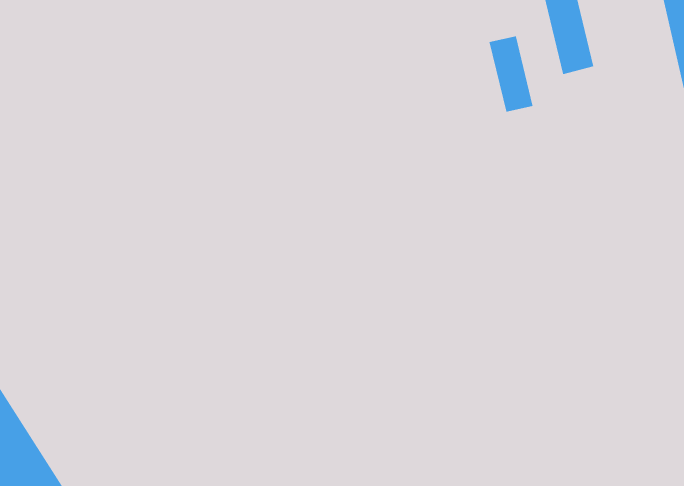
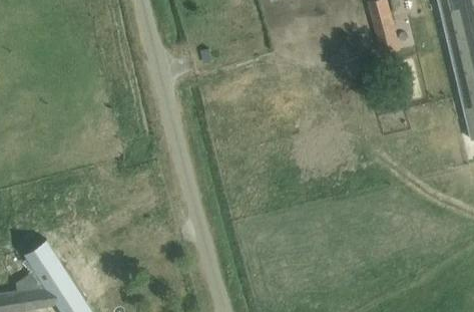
building: [489,36,533,113] -> none

